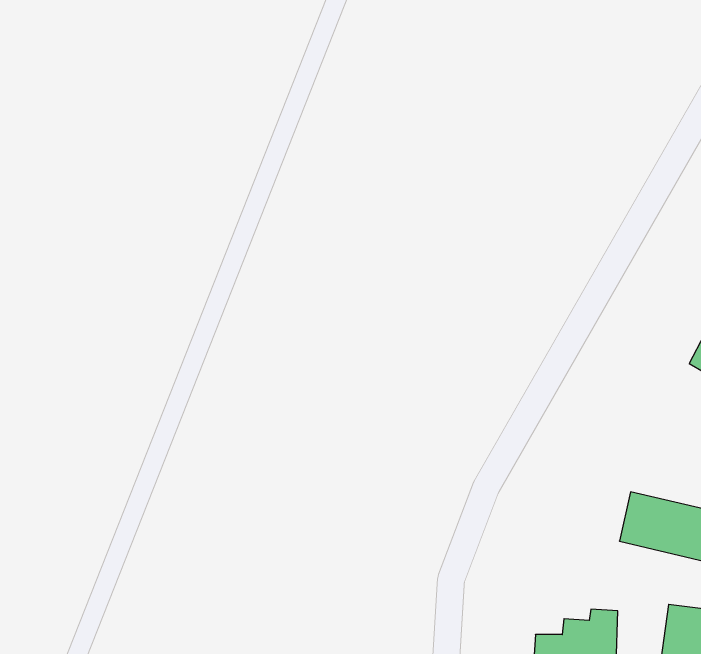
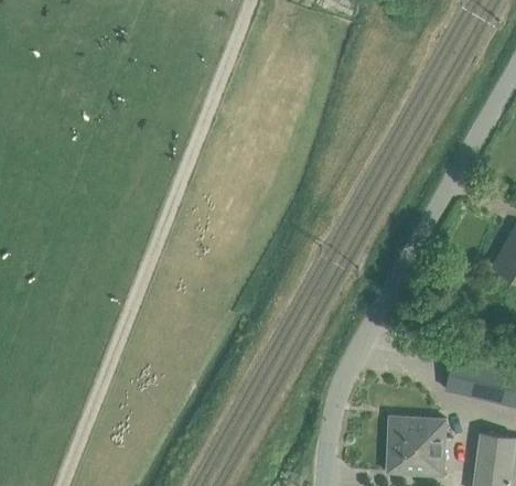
building: none -> [387,415,445,454]

